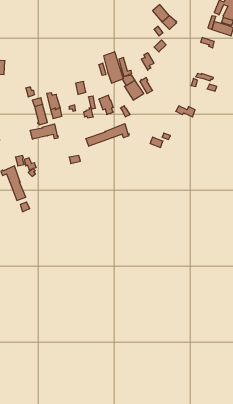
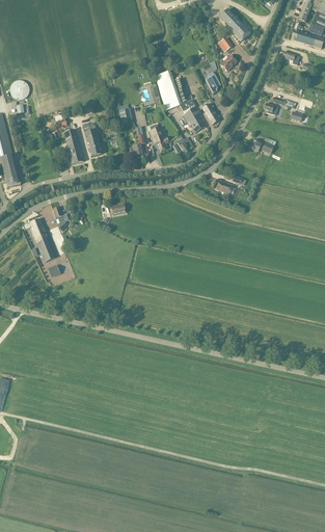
building: [86,124,129,146] -> none
building: [30,124,58,139] -> none

